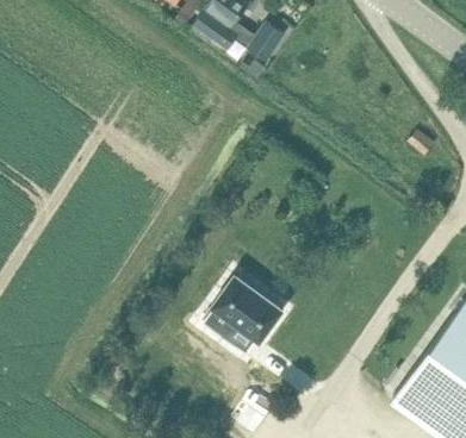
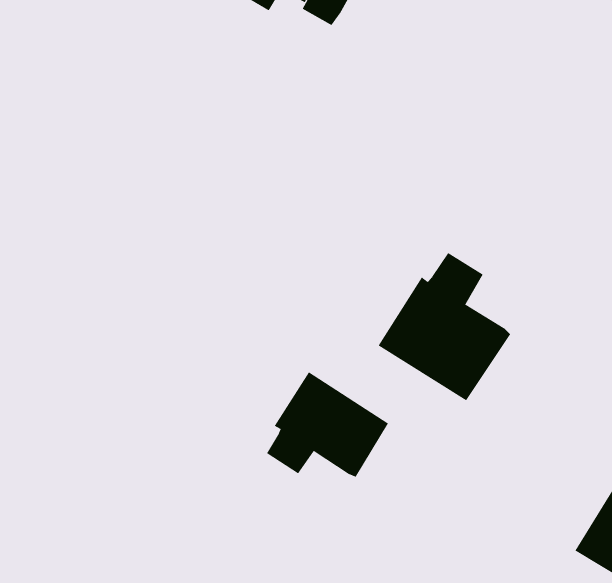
building: none -> [378,252,511,401]

